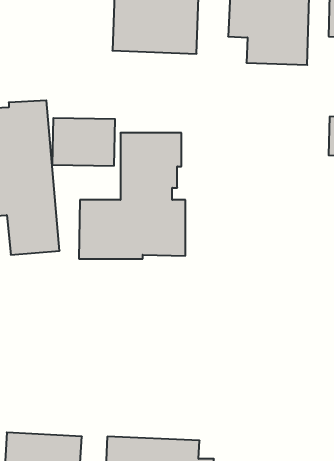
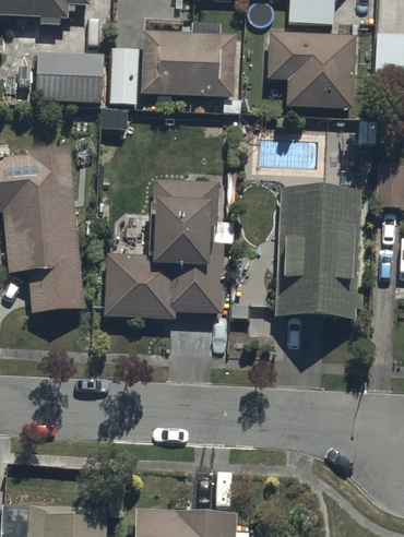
building: none -> [109,48,140,105]
building: [52,118,115,166] -> [37,51,105,103]
building: none -> [276,187,363,320]

